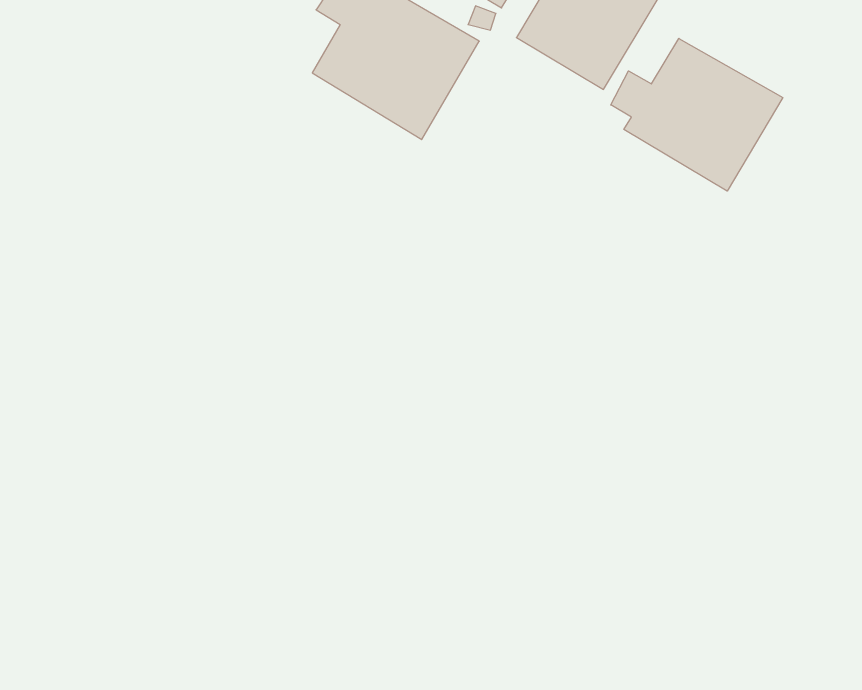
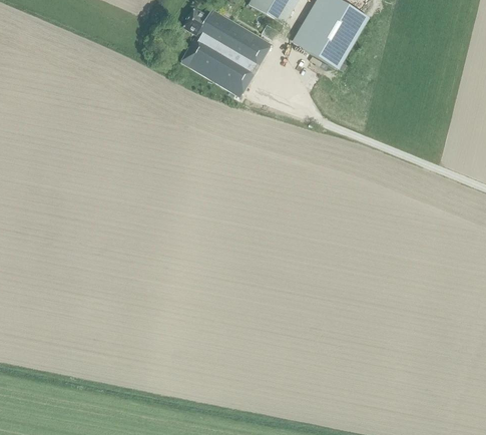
building: [611,38,783,191] -> none

